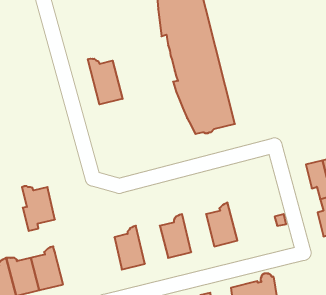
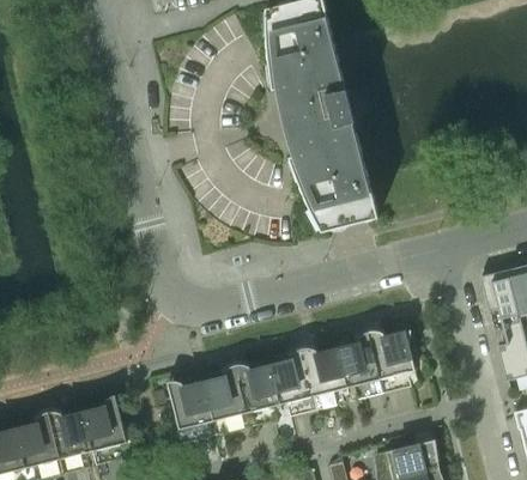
building: [88,59,123,104] -> none
building: [22,186,55,231] -> [165,379,213,444]
building: none -> [367,328,416,385]
building: none -> [301,346,347,402]
building: none -> [234,363,280,419]

